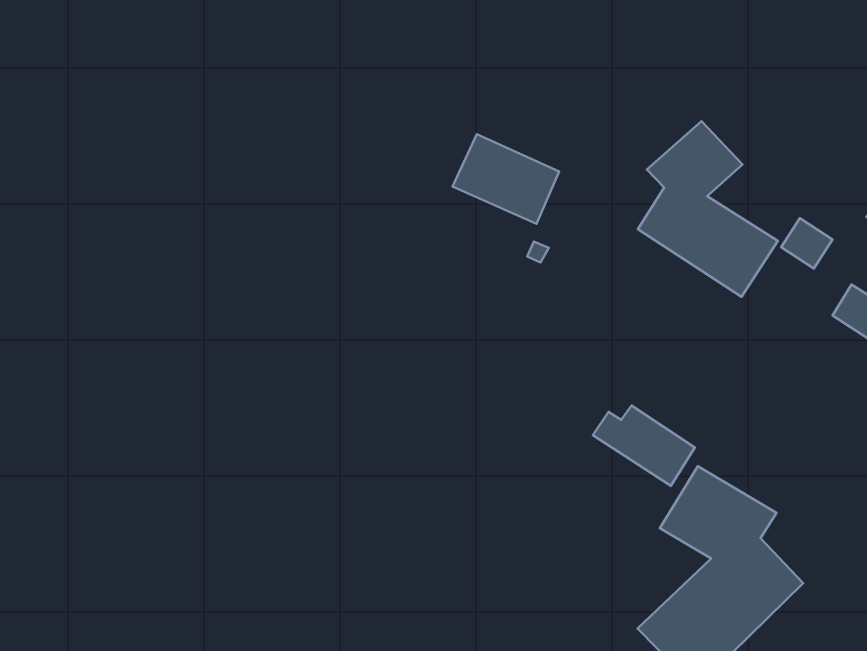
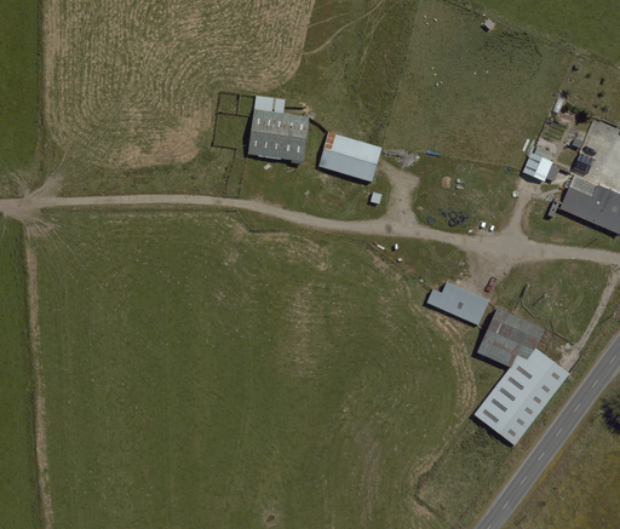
building: none -> [247,94,309,160]
building: [638,121,778,297] -> none

